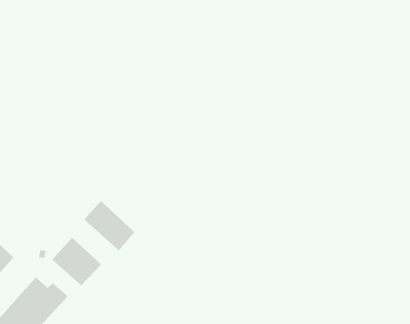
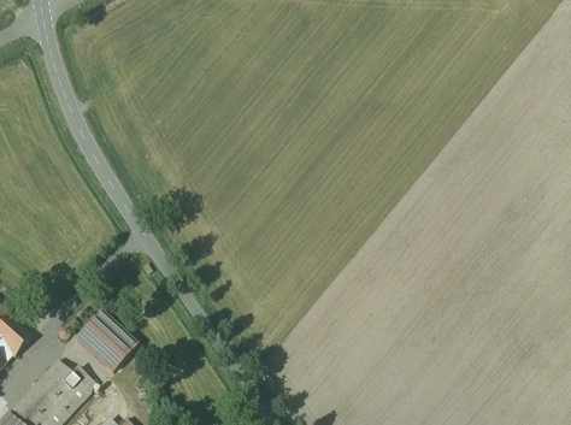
building: [83,200,135,251] -> none

